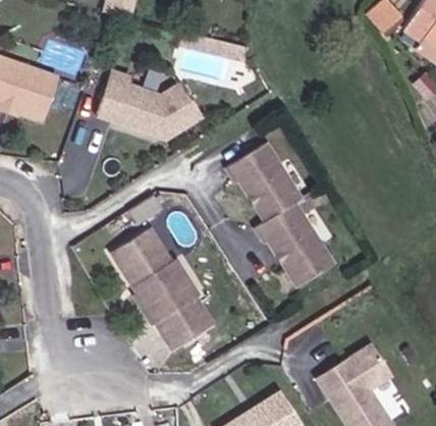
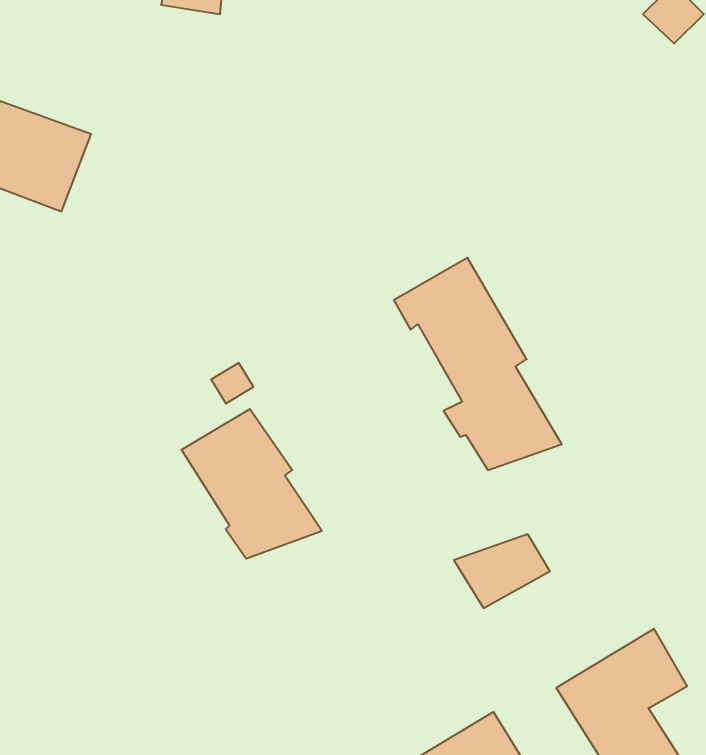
building: [99,71,202,139] -> none
building: [278,246,331,286] -> [454,534,550,608]
building: [145,294,213,350] -> none

